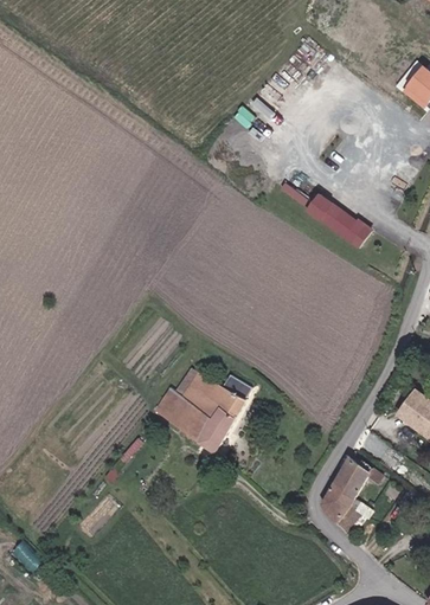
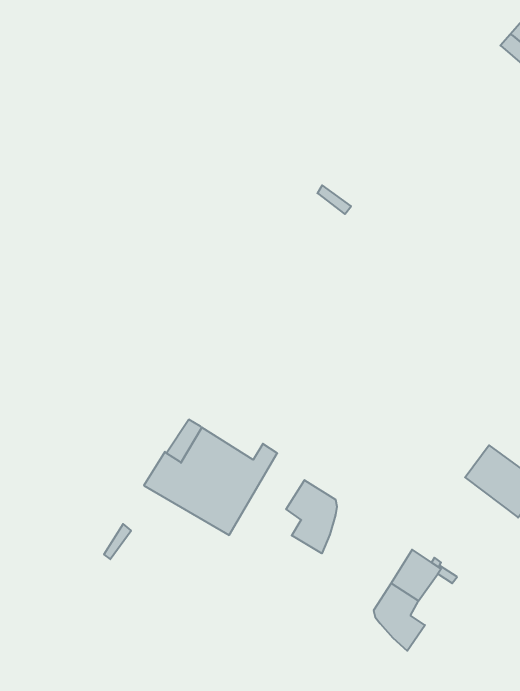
building: [303,199,371,255] -> none
building: none -> [286,480,337,553]

